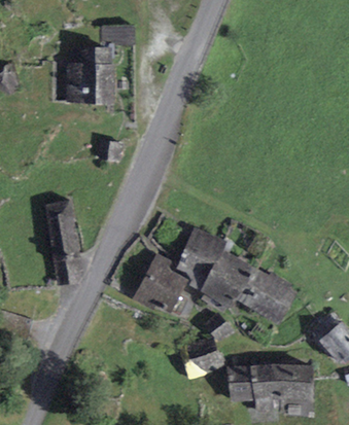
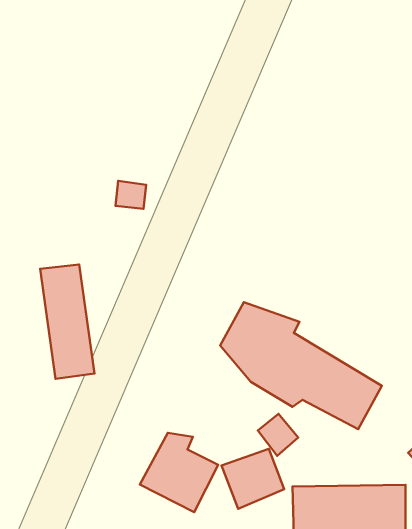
building: [69,26,136,101] -> none
building: [133,256,190,315] -> [140,433,218,512]

